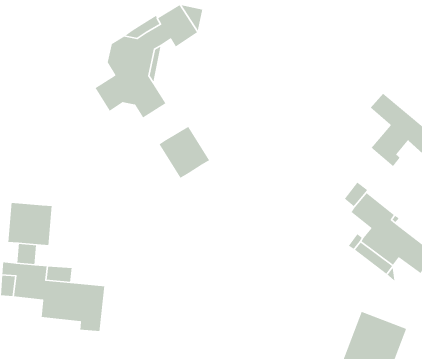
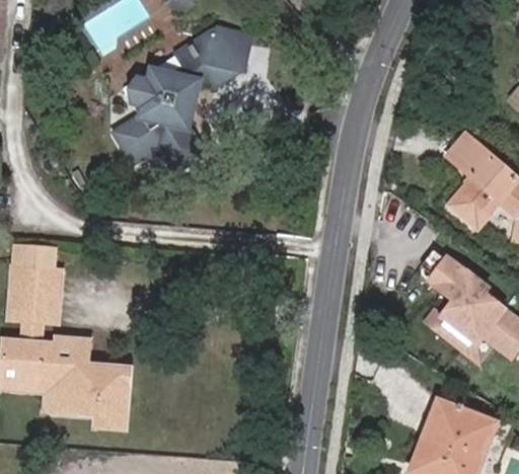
building: [158,126,210,179] -> none
building: none -> [14,245,55,271]

